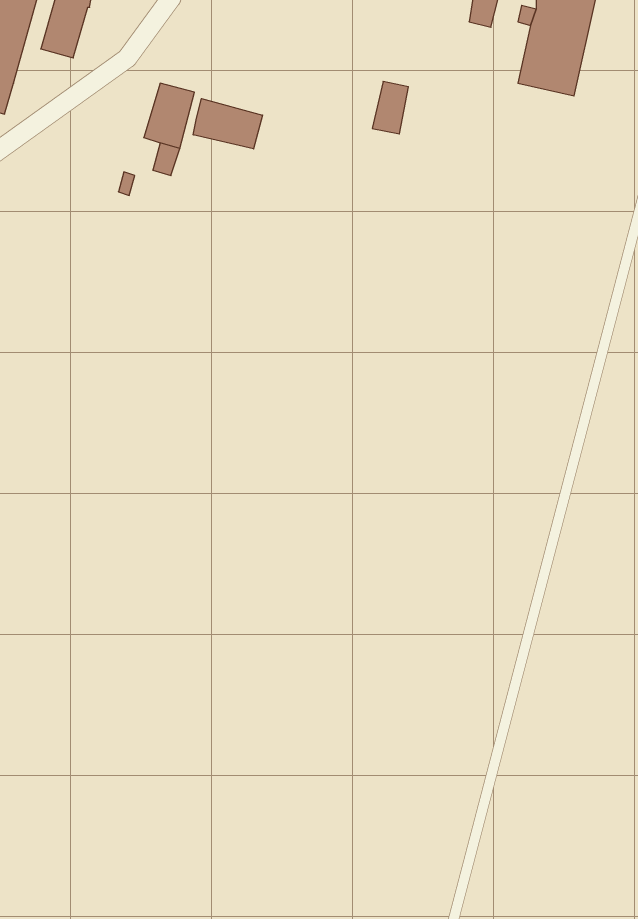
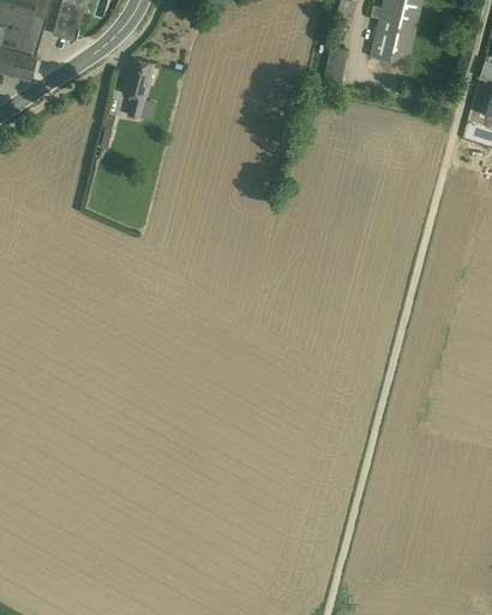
building: [372,81,408,134] -> [322,48,346,83]
building: [193,99,263,149] -> none

